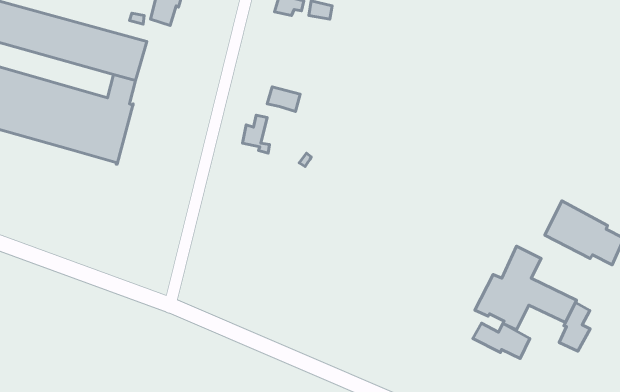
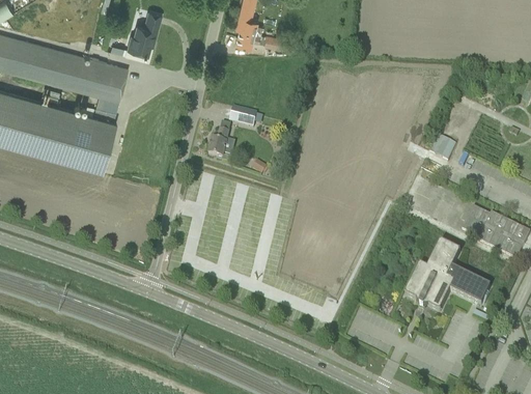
building: none -> [429,136,455,161]
building: [559,303,590,351] -> none
building: [473,323,530,358] -> none

